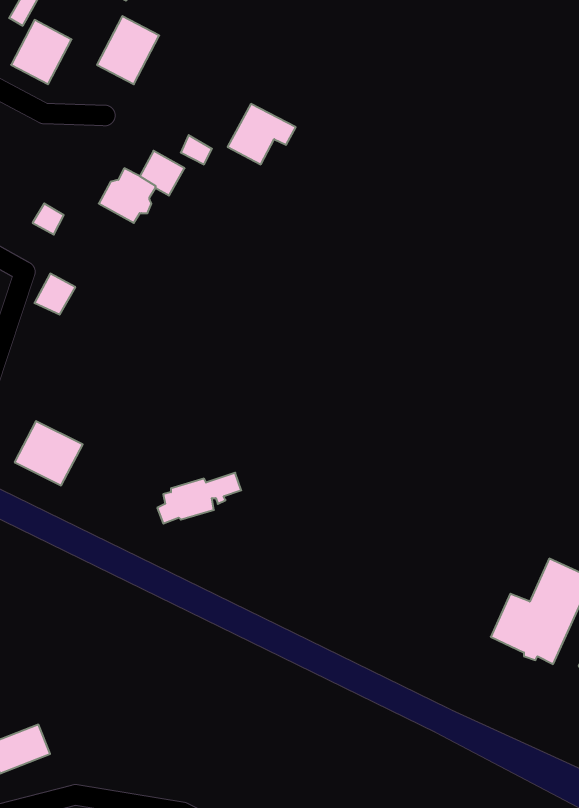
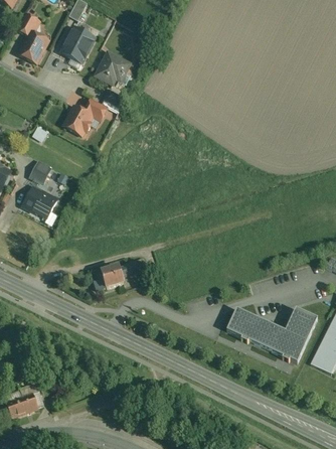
building: [228,104,296,164] -> [96,51,131,83]
building: [15,421,83,485] -> [23,184,58,217]
building: none -> [226,307,276,347]

